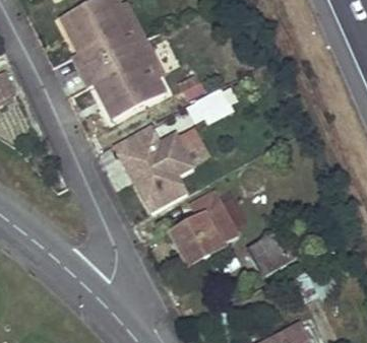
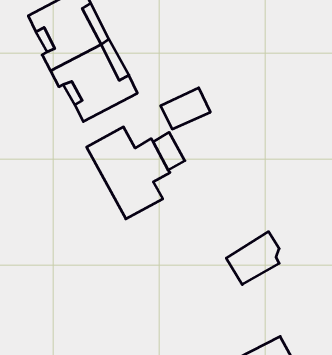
building: [171,190,238,265] -> none

